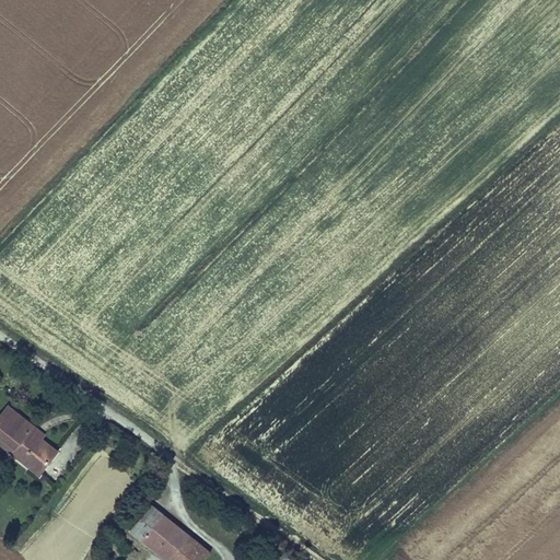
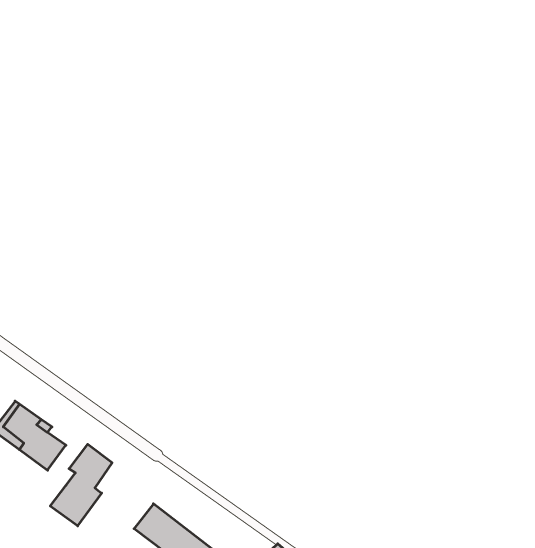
building: none -> [50,444,112,526]

